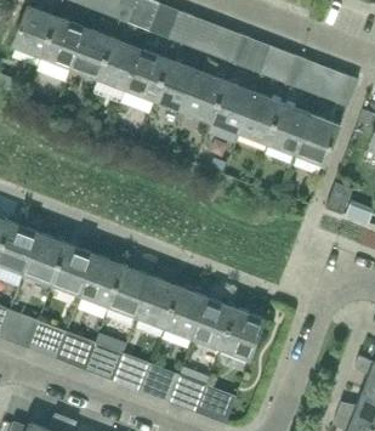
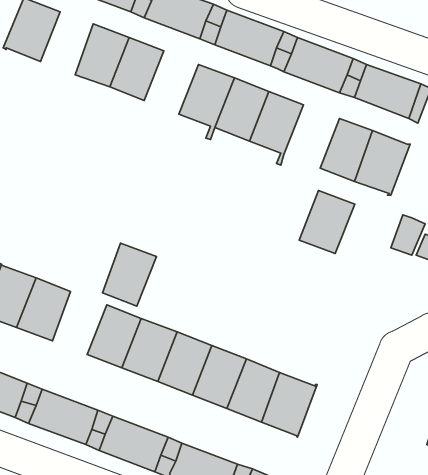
building: [41,18,84,69] -> none
building: [125,50,169,101] -> none
building: [238,93,283,144] -> [299,191,355,254]
building: [51,244,95,295] -> [102,243,156,306]

